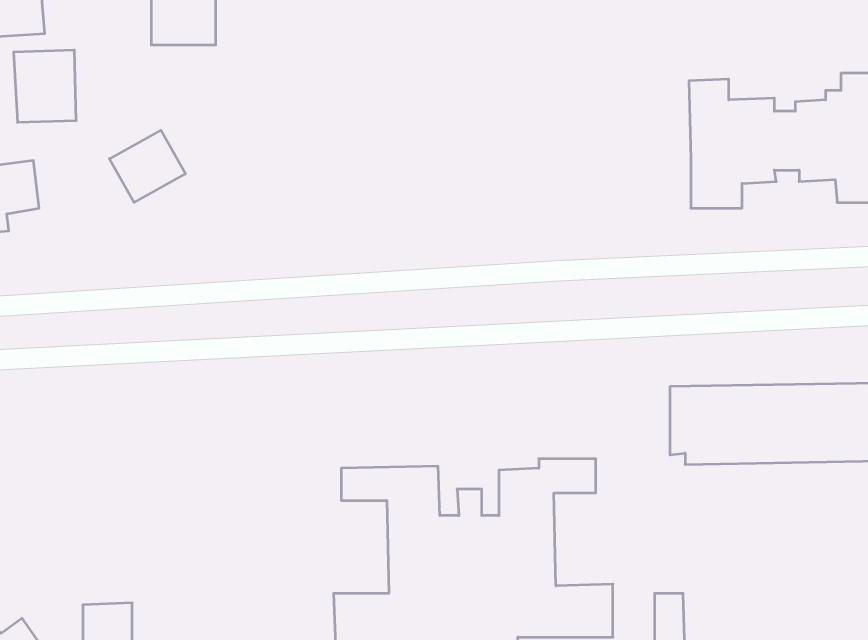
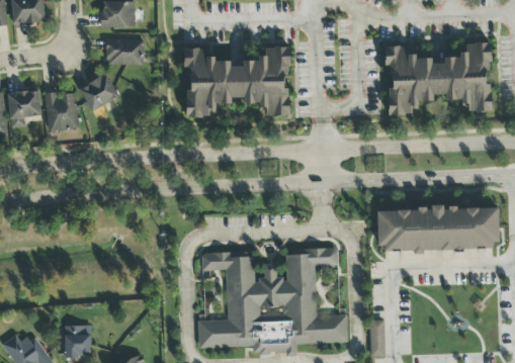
building: [14,50,76,122] -> [45,92,78,130]
building: none -> [106,38,143,65]
building: none -> [181,47,290,117]

